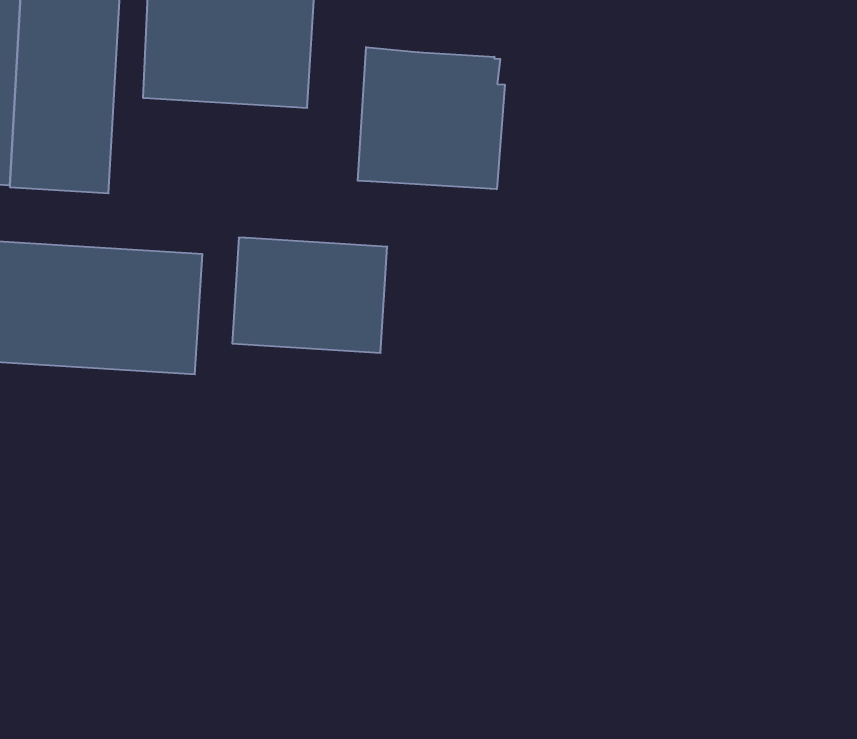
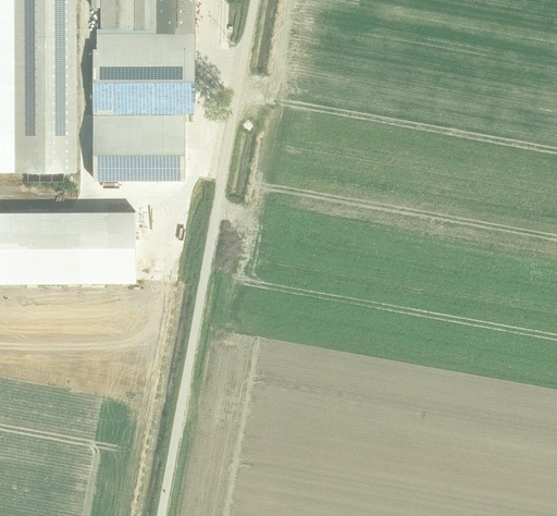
building: [358,47,505,189] -> none
building: [232,238,387,353] -> [91,115,183,181]

